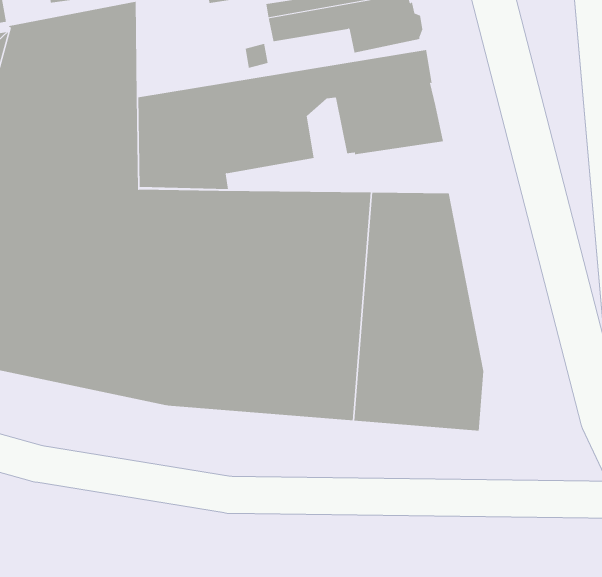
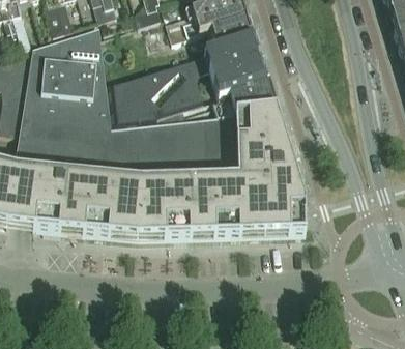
building: none -> [213,89,279,120]

